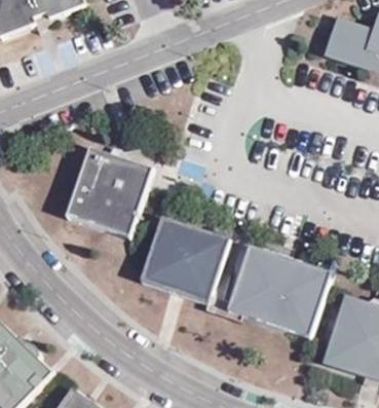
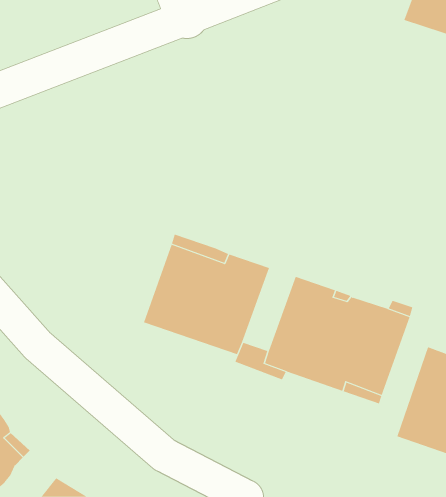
building: [66,148,152,236] -> none

